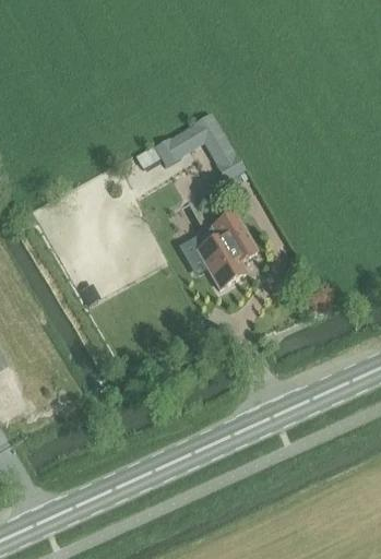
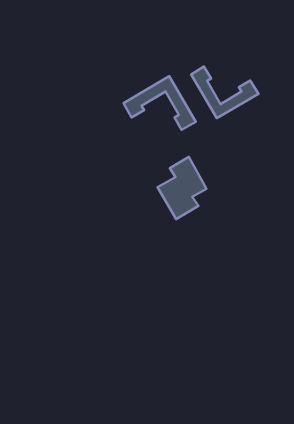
building: none -> [191,67,258,118]

